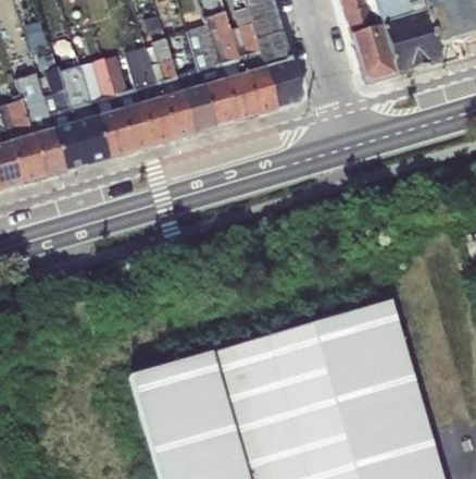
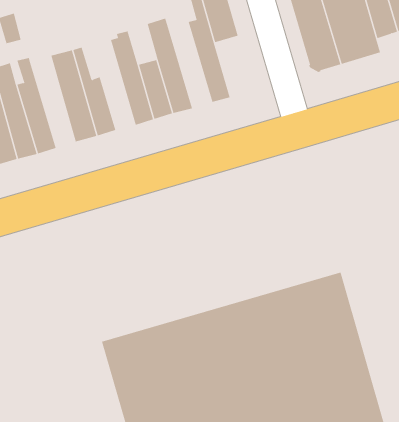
building: [202,11,254,121] -> none
building: [258,41,300,109] -> none
building: [122,45,171,145] -> none
building: [57,63,105,164] -> none

